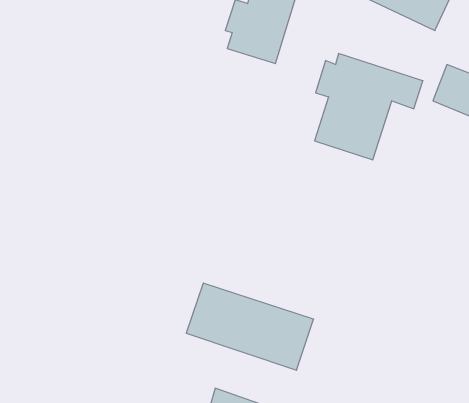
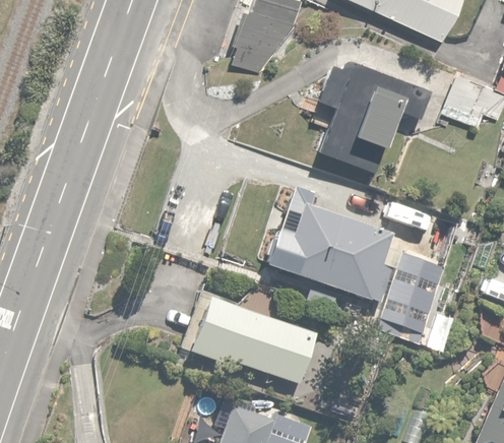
building: none -> [269,195,397,302]
building: none -> [376,256,446,346]

